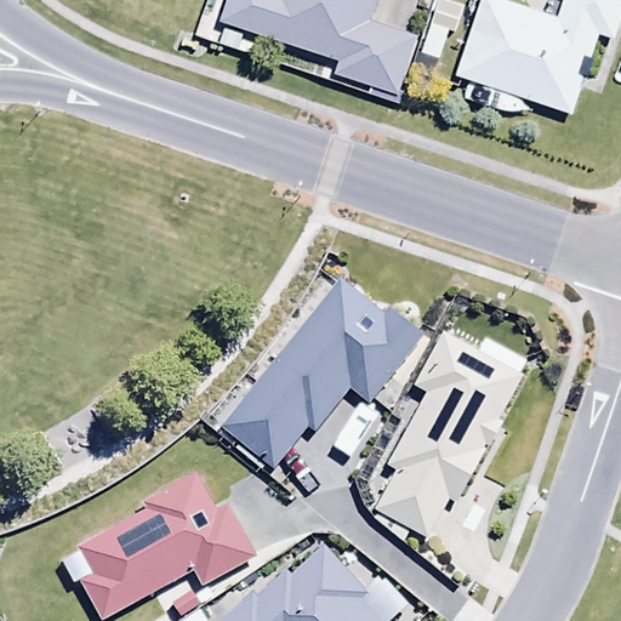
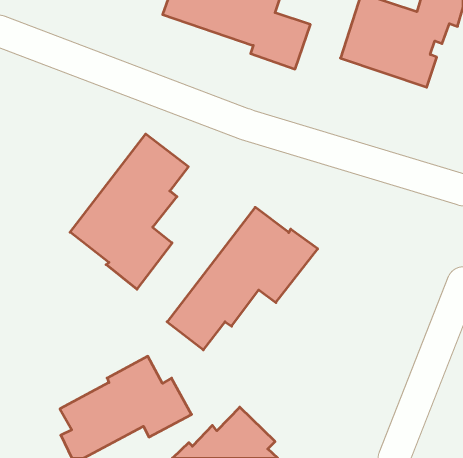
building: none -> [70,134,188,289]
building: [374,332,525,539] -> none

